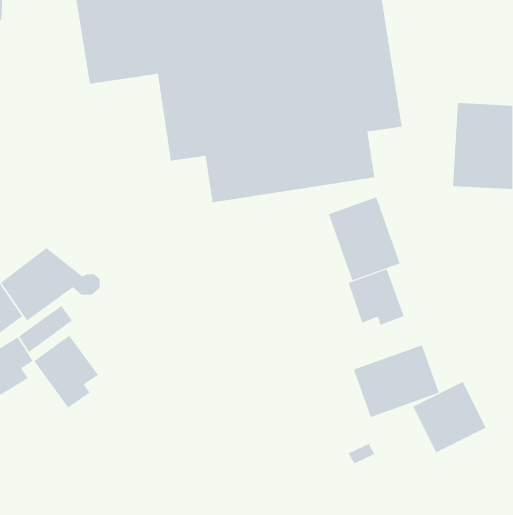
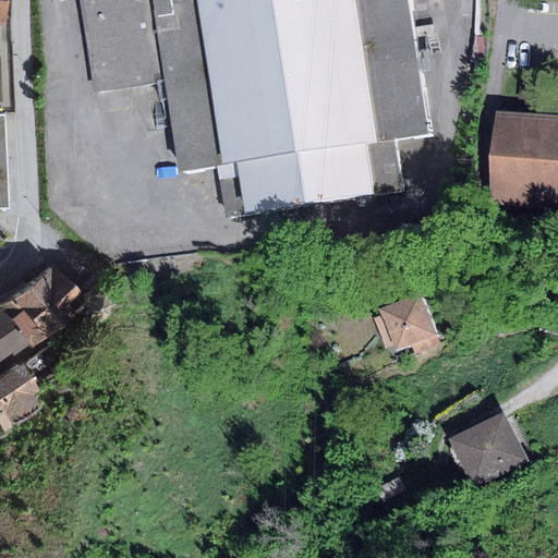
building: [328,196,401,281] -> none
building: [33,335,99,409] -> none
building: [353,344,440,418] -> none

